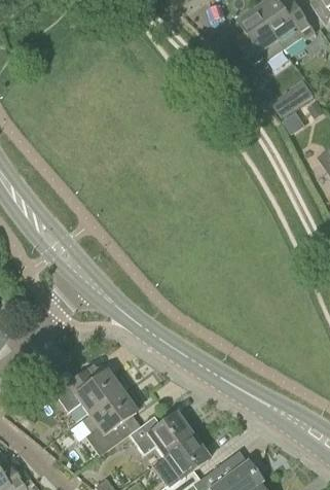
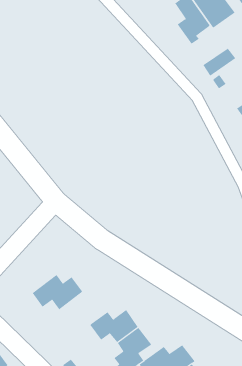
building: [81,391,136,454] -> none

